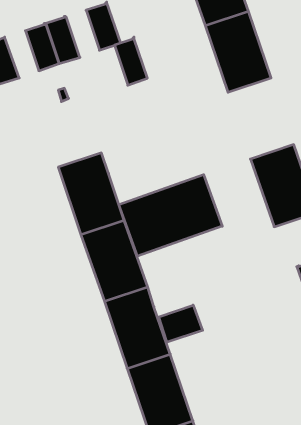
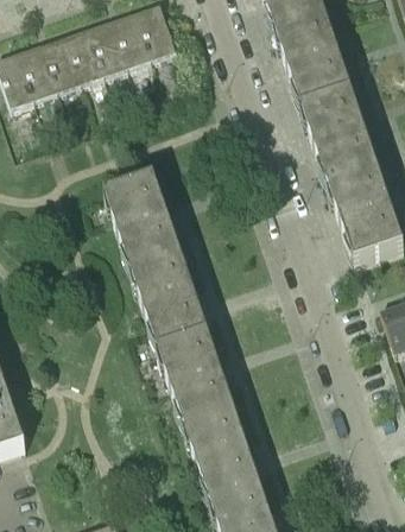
building: none -> [44,37,83,93]
building: [114,37,147,85] -> [115,13,153,69]
building: none -> [302,93,378,186]
building: [119,175,222,256] -> none
building: [159,305,203,343] -> none

